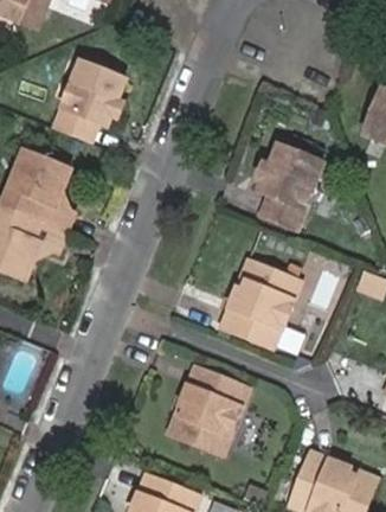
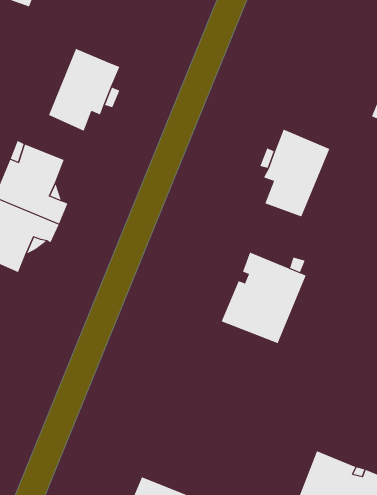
building: [168,365,250,452] -> none

